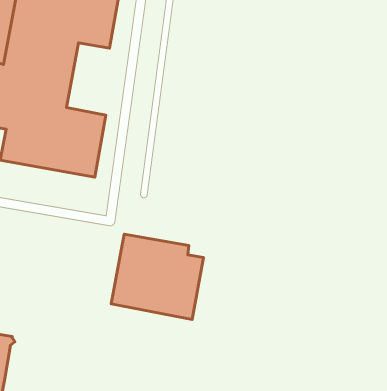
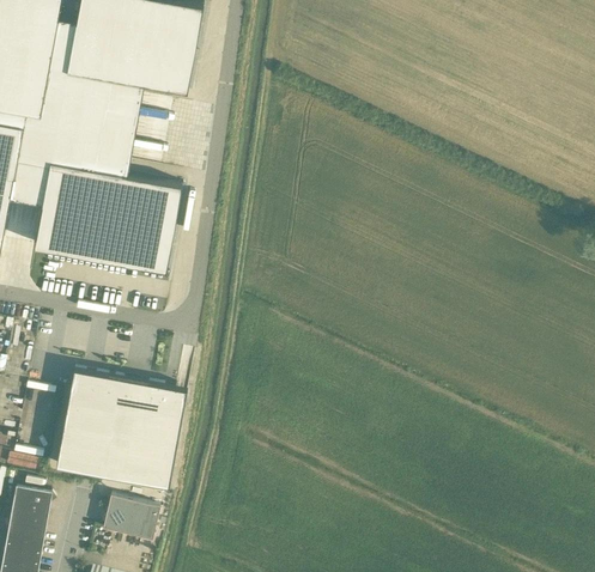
building: [111,234,203,319] -> [55,370,183,488]
building: none -> [102,495,159,541]

